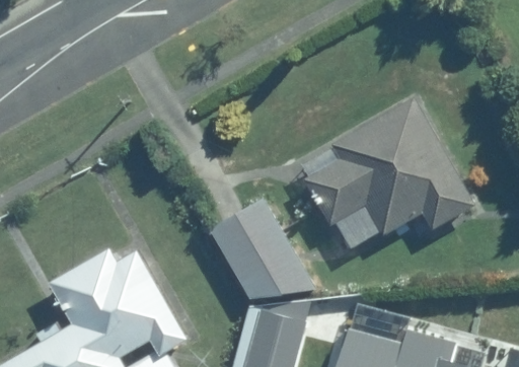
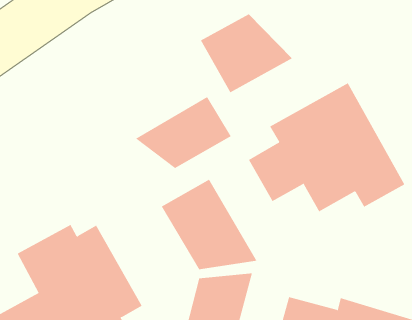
building: none -> [200,14,293,93]
building: none -> [135,96,231,169]

